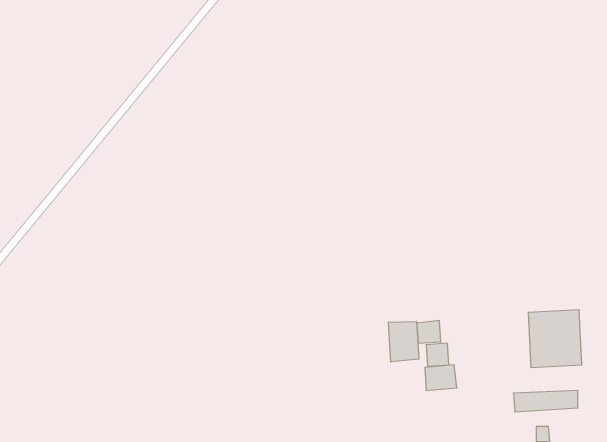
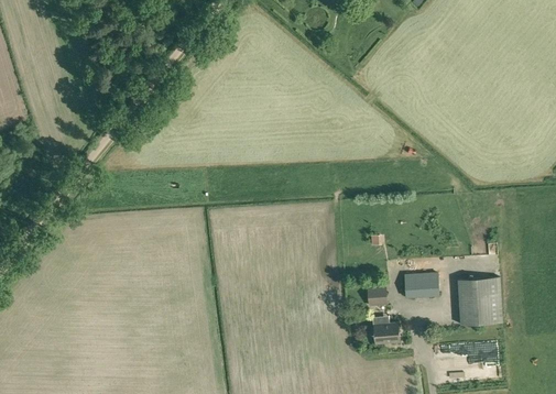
building: none -> [404,272,438,296]
building: [388,321,419,362] -> none

